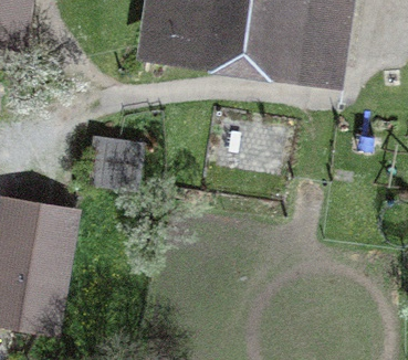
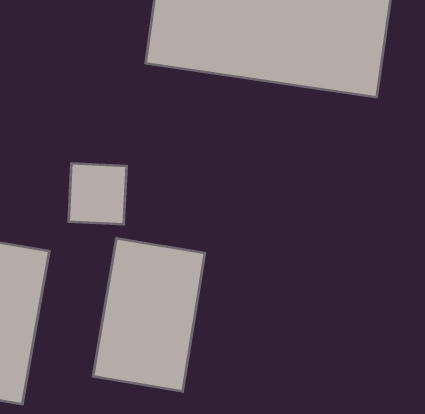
building: none -> [93,238,205,392]

